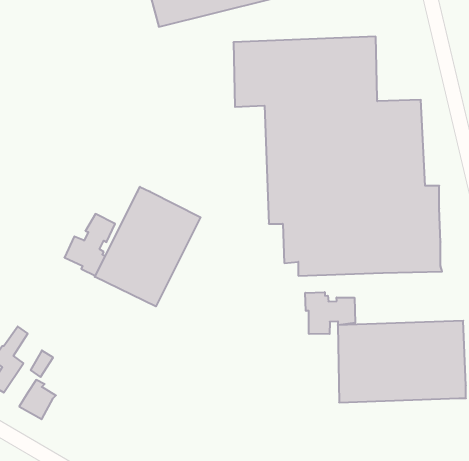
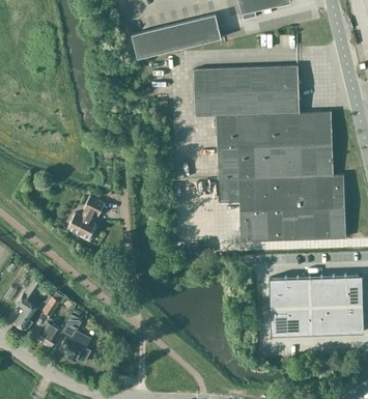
building: [95,187,201,306] -> none
building: [305,292,355,334] -> none
building: none -> [59,313,91,364]

